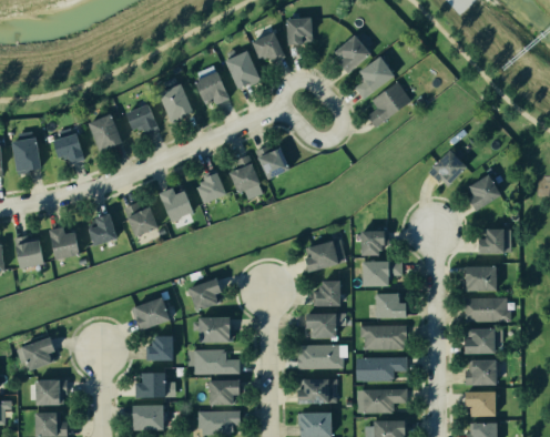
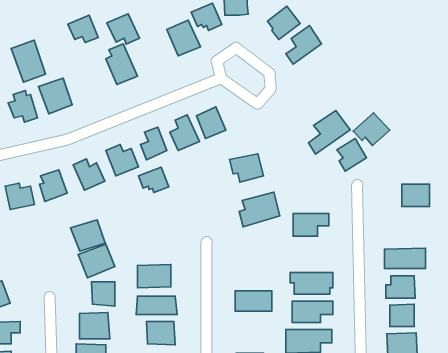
building: [195,71,231,104] -> [107,14,139,44]
building: none -> [11,40,45,82]
building: [365,81,410,129] -> [308,110,350,154]
building: [126,103,160,133] -> [68,15,98,43]
building: [469,175,501,211] -> [337,139,367,171]
building: none -> [229,154,263,182]
building: none -> [139,167,169,193]
building: [363,231,389,255] -> none
building: [461,266,497,292] -> none
building: [184,278,222,313] -> [71,220,105,251]
building: [313,282,342,306] -> none
building: [377,294,408,319] -> none
building: [307,314,346,337] -> none
building: [298,379,337,403] -> none

